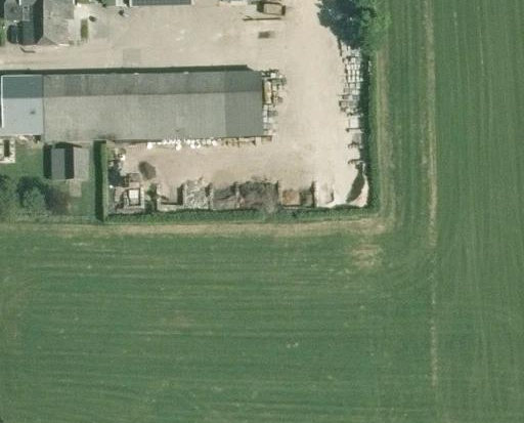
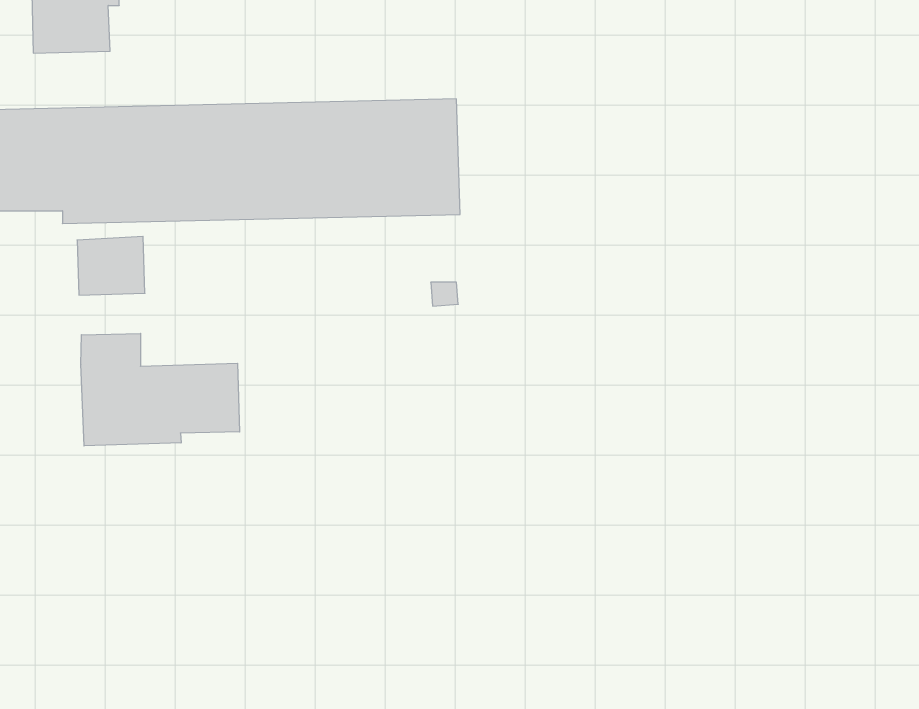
building: none -> [81,333,240,446]

